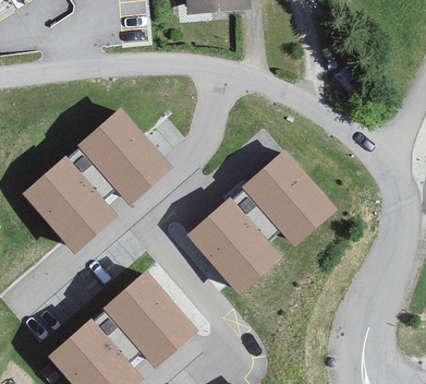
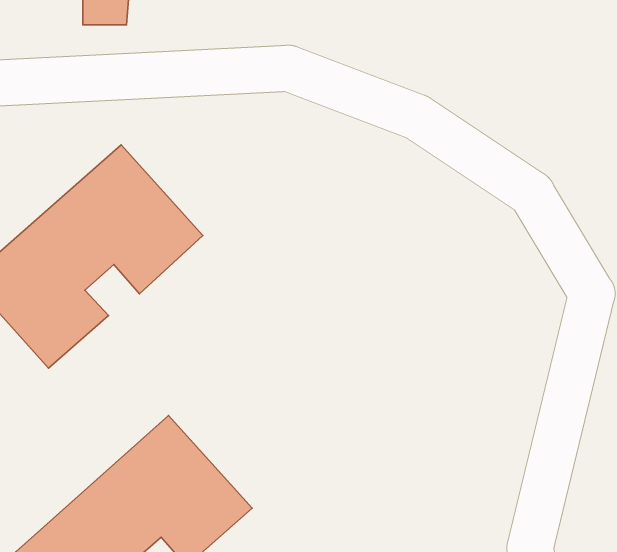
building: [191,153,332,288] -> none

